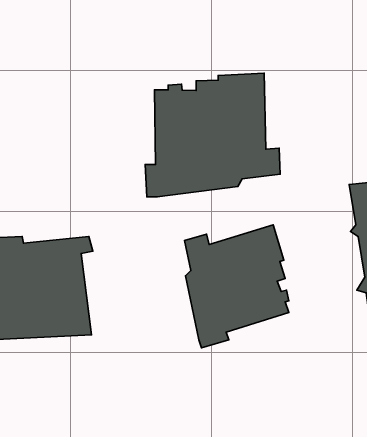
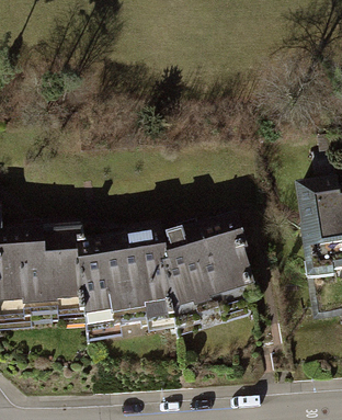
building: [145,73,280,197] -> none
building: none -> [73,229,172,326]

